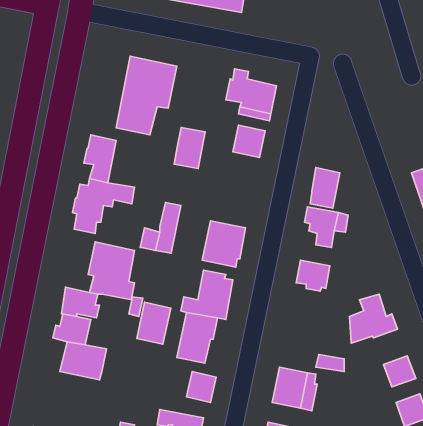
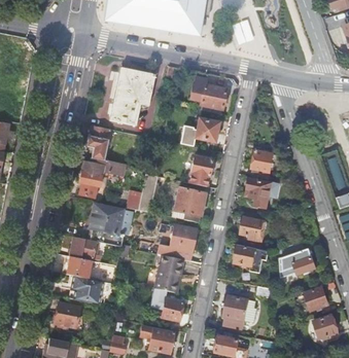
building: [174,128,205,168] -> [188,156,211,186]
building: none -> [231,243,269,273]
building: [137,302,171,344] -> none
building: none -> [54,303,79,328]

